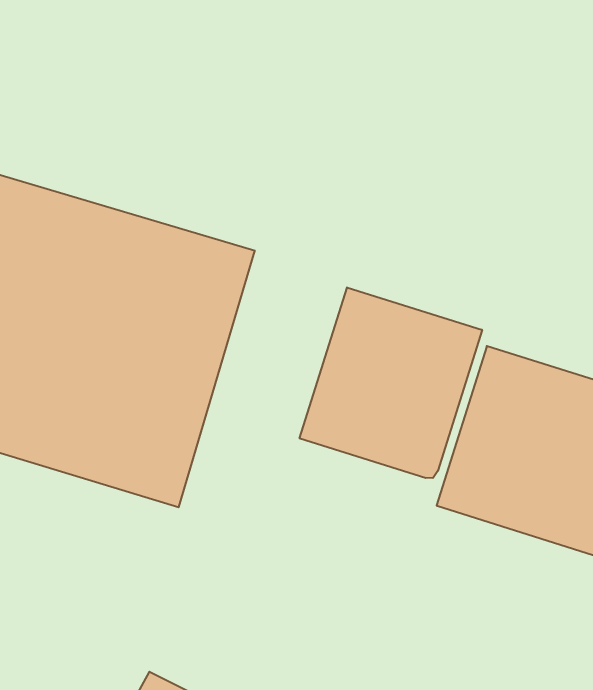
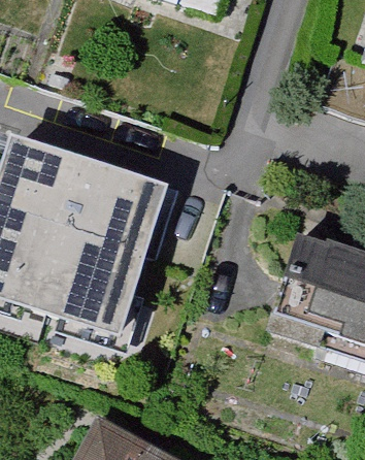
building: [300,287,482,478] -> none

